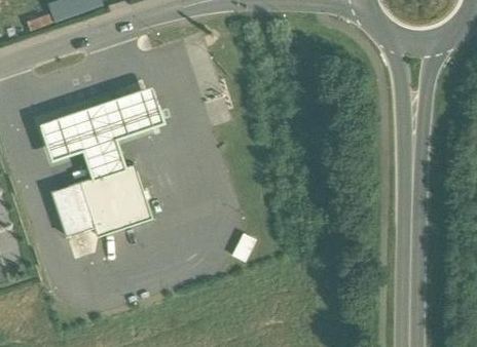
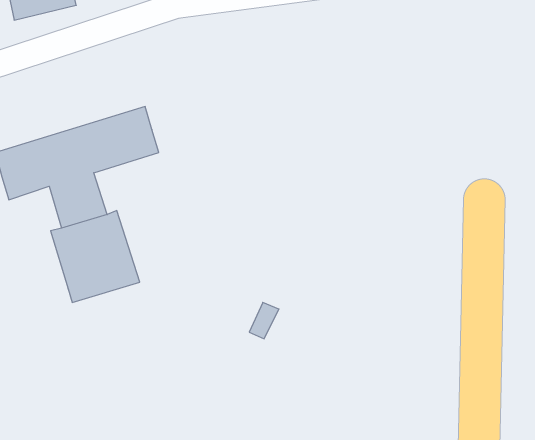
building: [51,181,96,234] -> none

